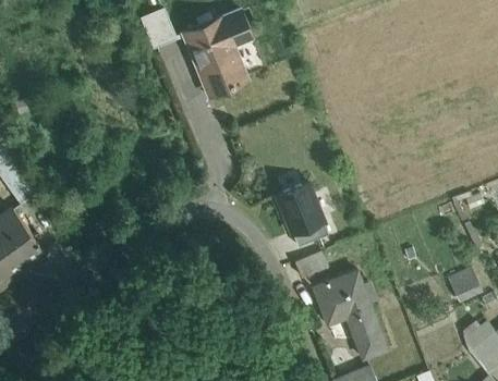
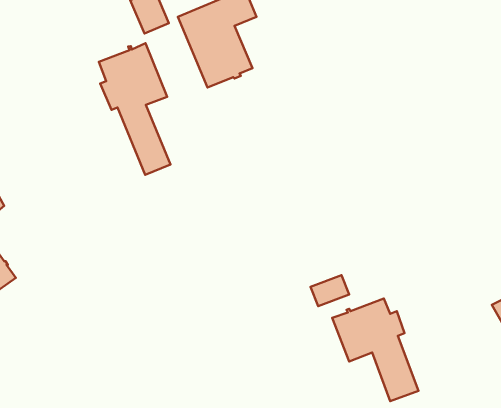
building: none -> [99,43,171,175]
building: [276,182,324,233] -> none

